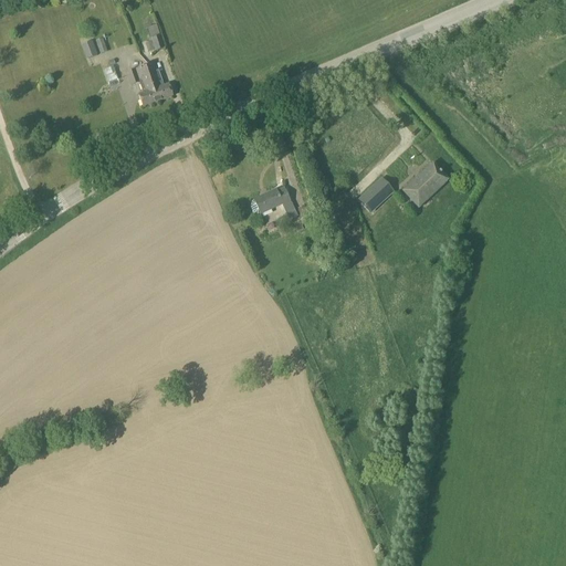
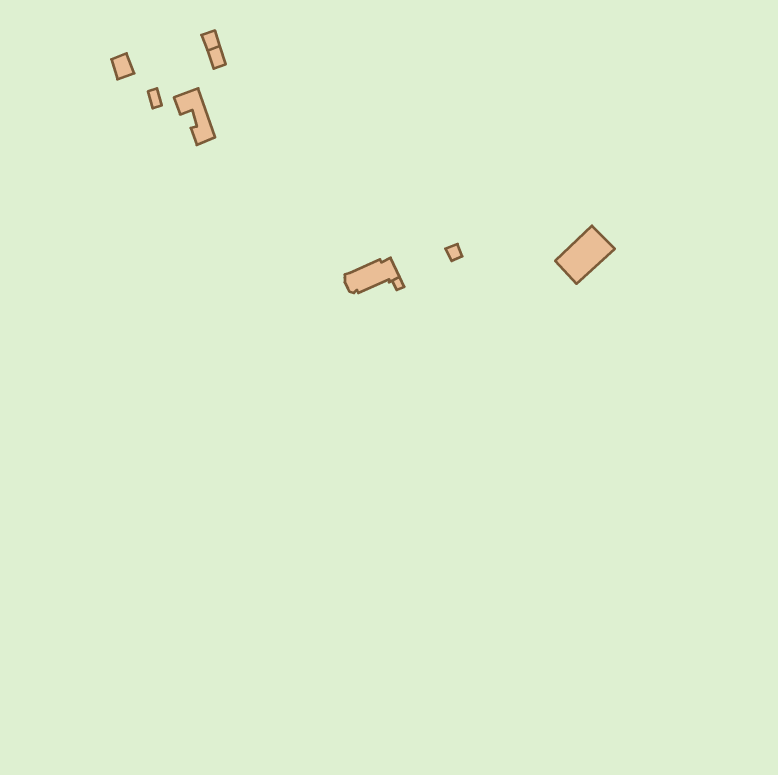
building: [145,61,172,99] -> none
building: [361,178,392,209] -> none

